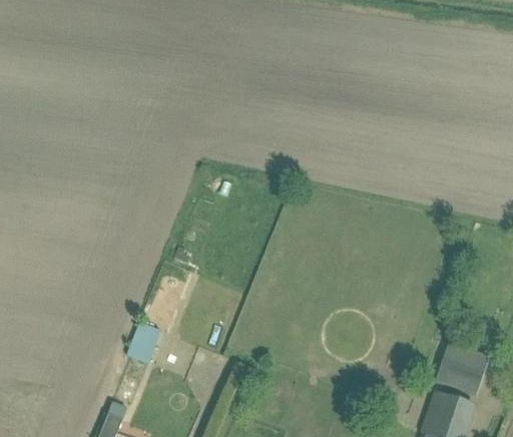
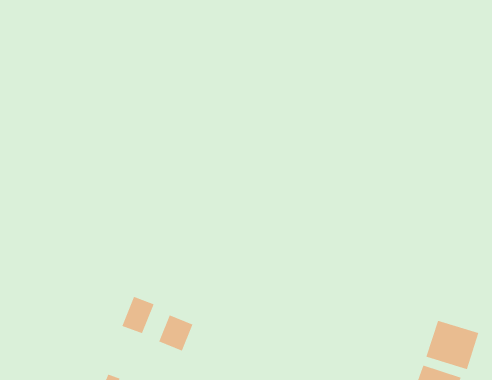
building: none -> [159,314,193,352]

